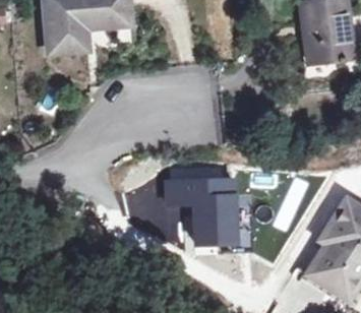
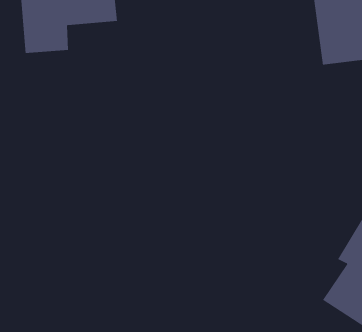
building: [168,180,235,242] -> none

